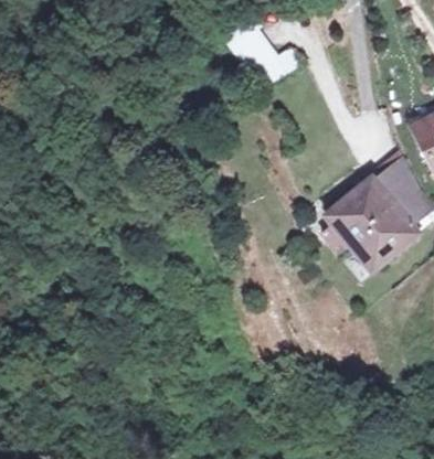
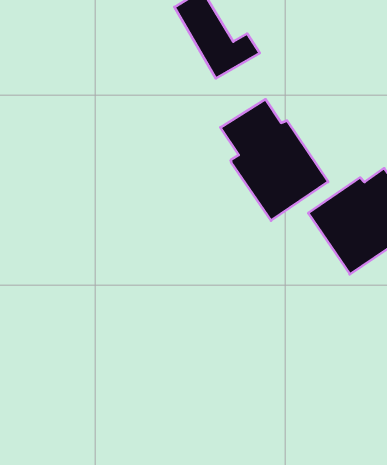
building: none -> [220,99,328,221]

